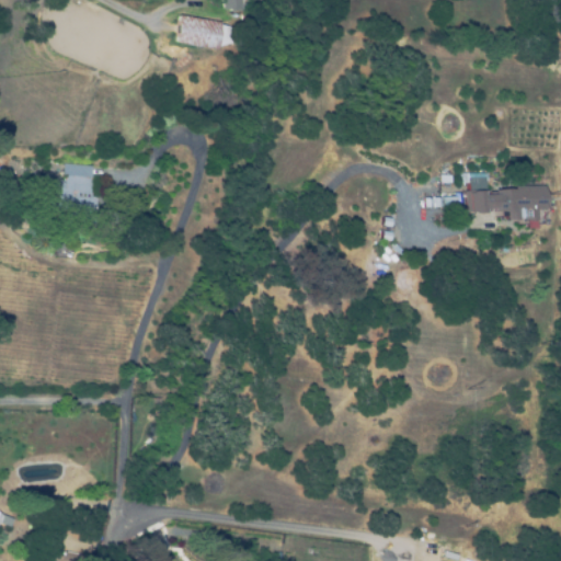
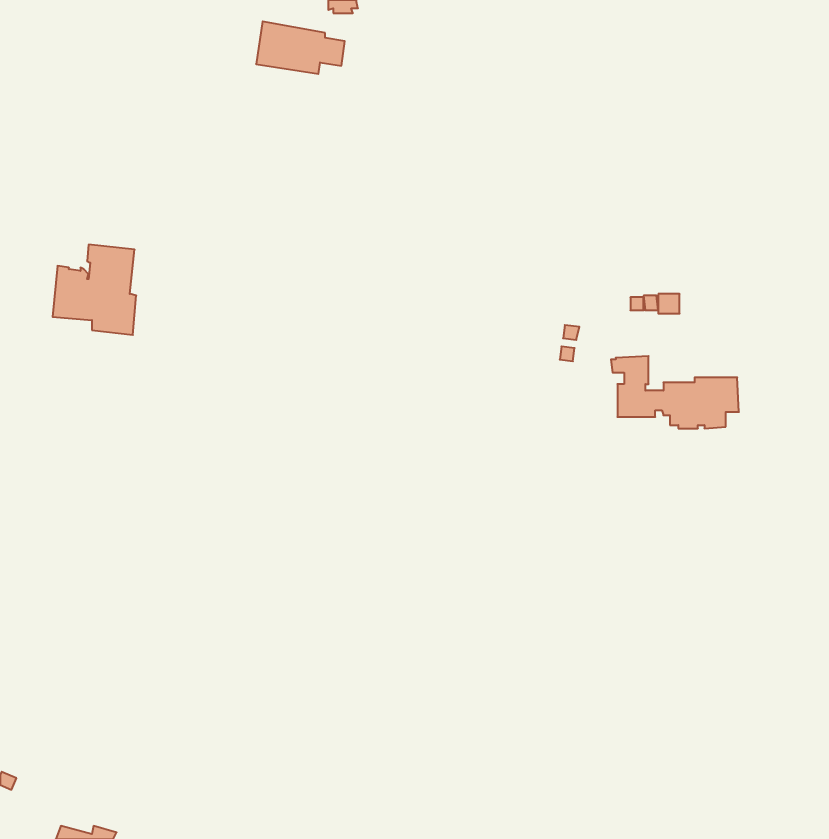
building: [465,172,550,220] -> [611,356,739,428]

